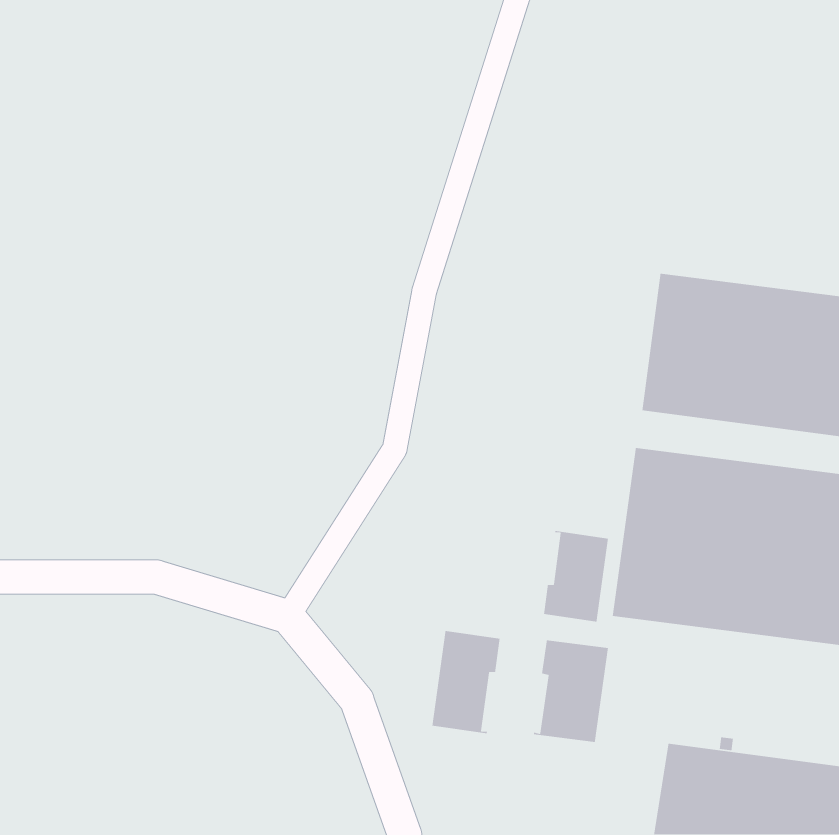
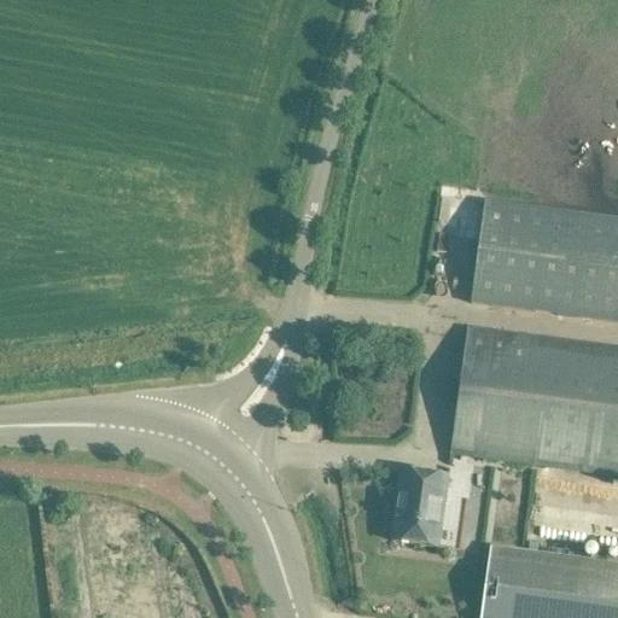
building: [543,530,609,622] -> none
building: [431,630,500,734] -> none

